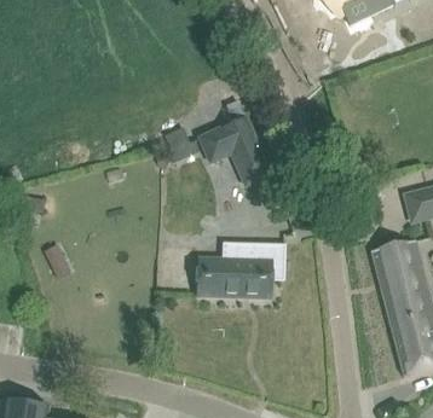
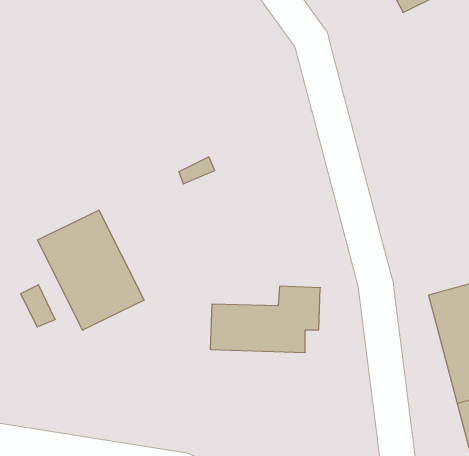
building: [200,116,271,184] -> none
building: none -> [37,210,144,330]

